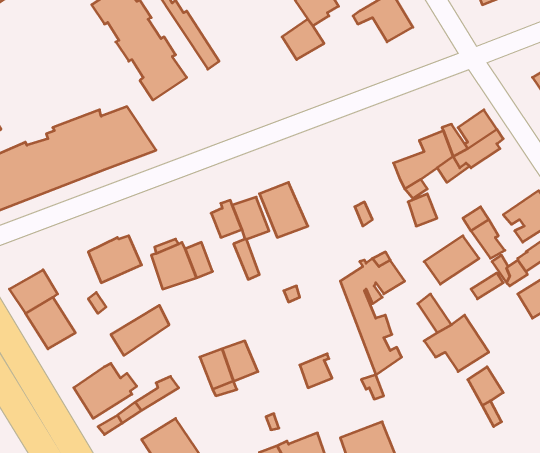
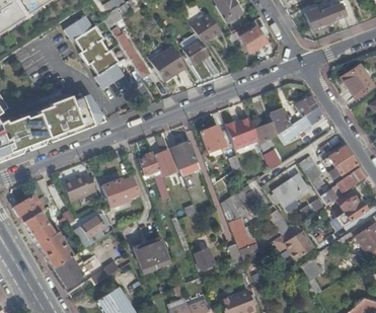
building: none -> [151,47,187,82]
building: none -> [226,116,258,147]
building: none -> [200,125,226,152]
building: none -> [37,232,73,268]

